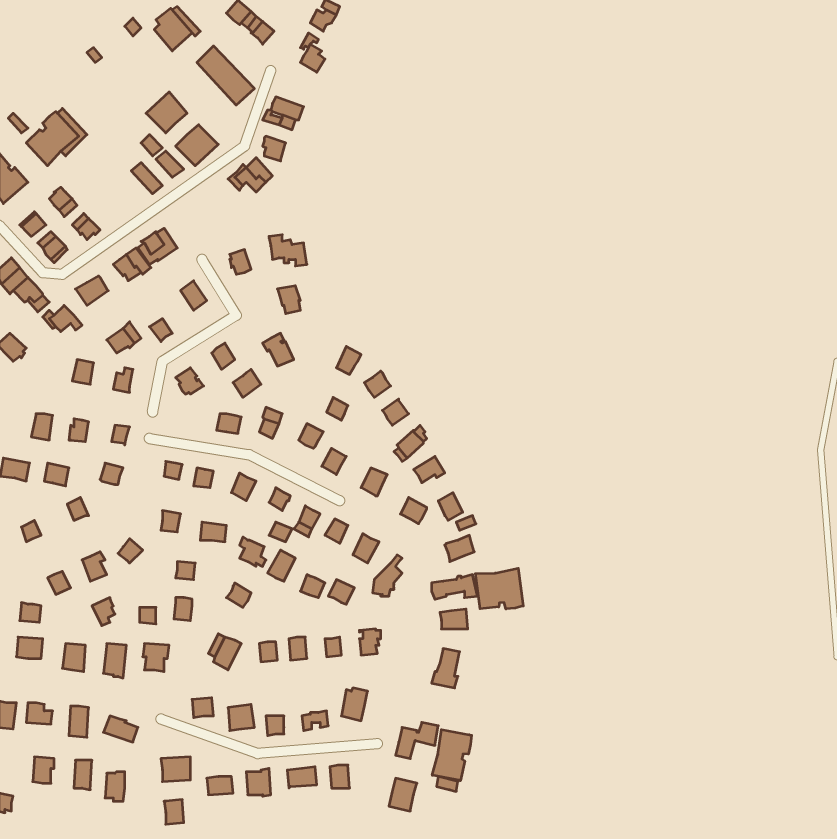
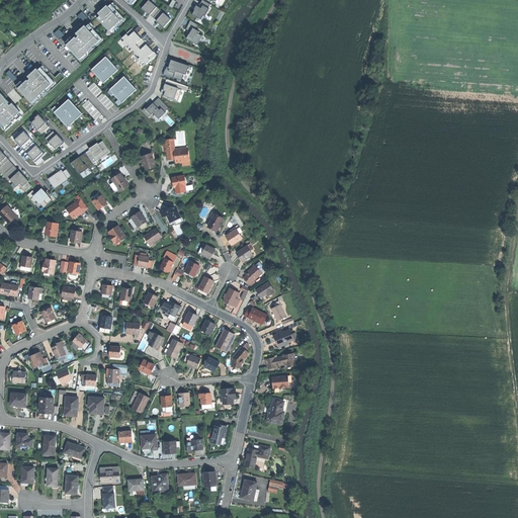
building: none -> [64,25,96,59]
building: none -> [53,99,80,126]
building: [475,568,523,609] -> none
building: [432,730,472,781] -> none

